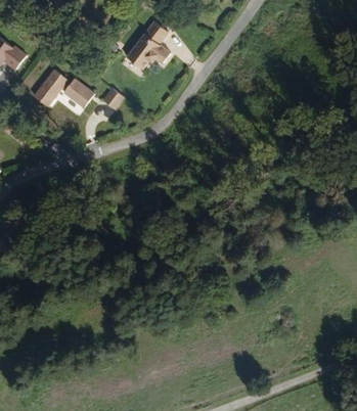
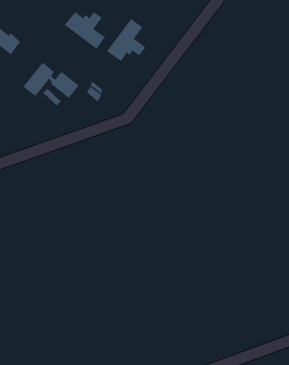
building: none -> [64,11,106,49]

